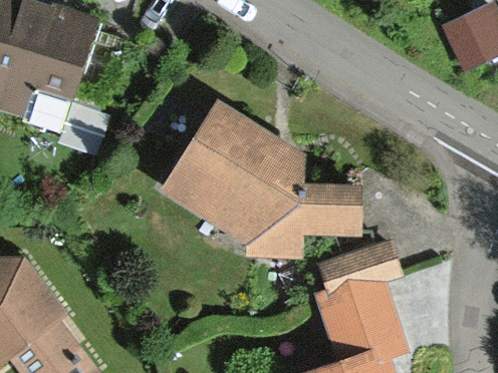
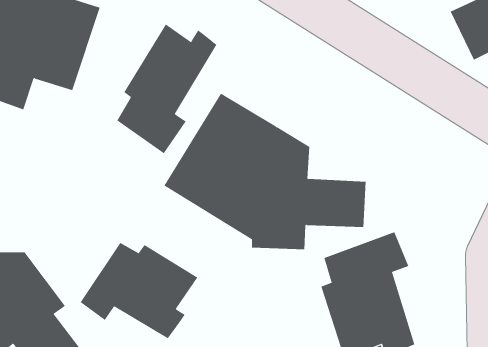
building: none -> [116,23,217,154]
building: none -> [80,242,198,339]

